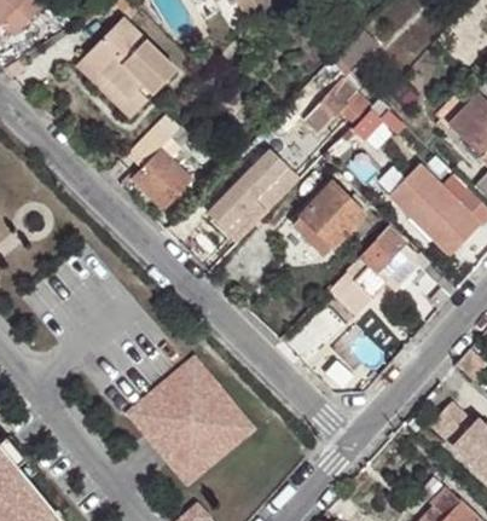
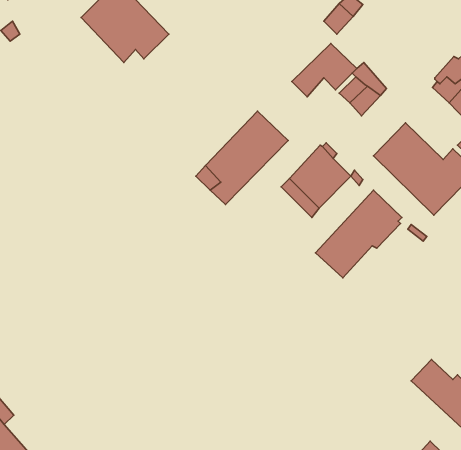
building: [77,53,152,117] -> none
building: [132,123,192,207] -> none
building: [122,354,254,486] -> none

